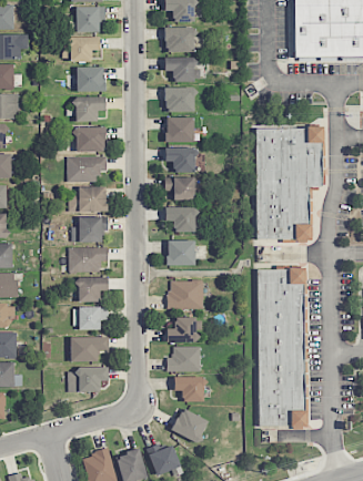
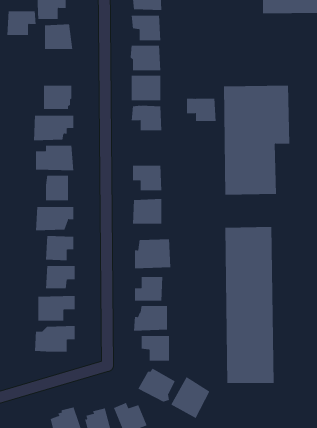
building: [74,96,104,121] -> [7,11,37,35]
building: [164,176,194,199] -> [186,98,216,122]
building: none -> [171,376,210,419]

